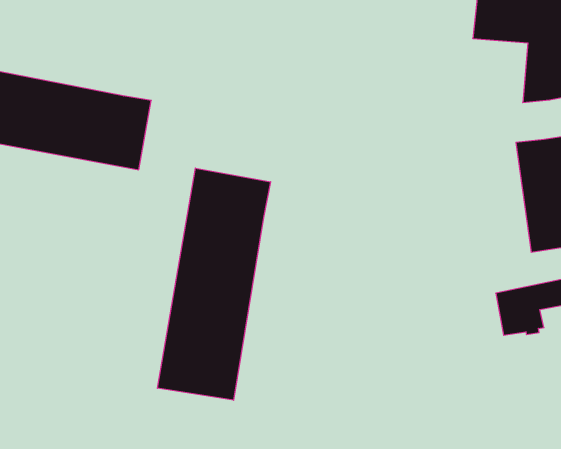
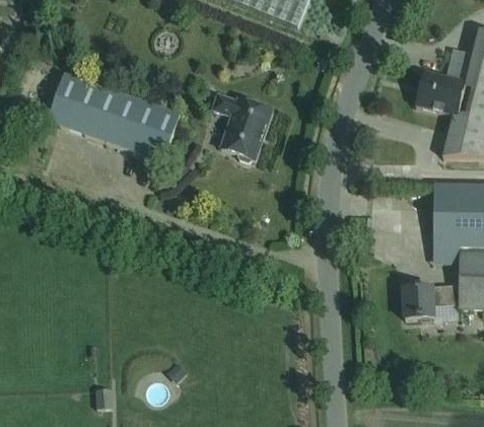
building: none -> [212,92,272,159]
building: [157,168,271,400] -> none

